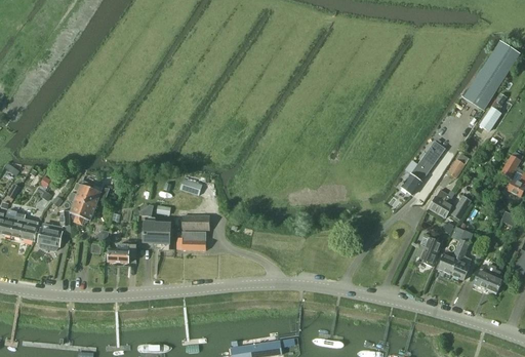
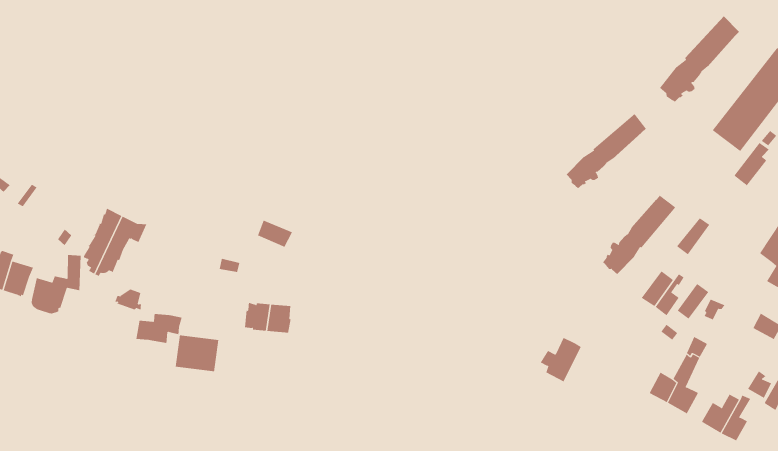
building: none -> [659,15,740,103]
building: none -> [566,113,647,189]
building: [183,215,209,230] -> none
building: [144,222,170,243] -> [175,335,219,372]
building: [415,237,441,266] -> [540,337,582,382]

